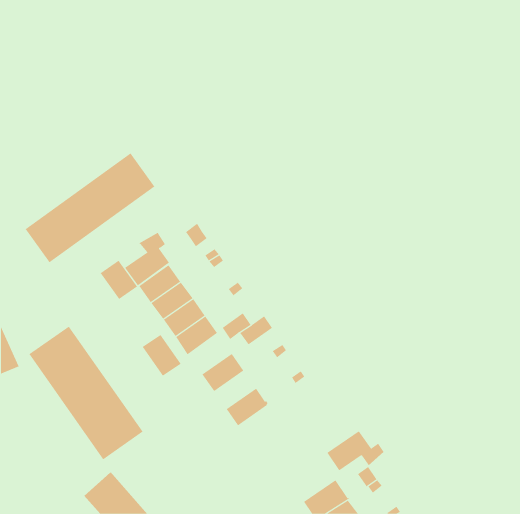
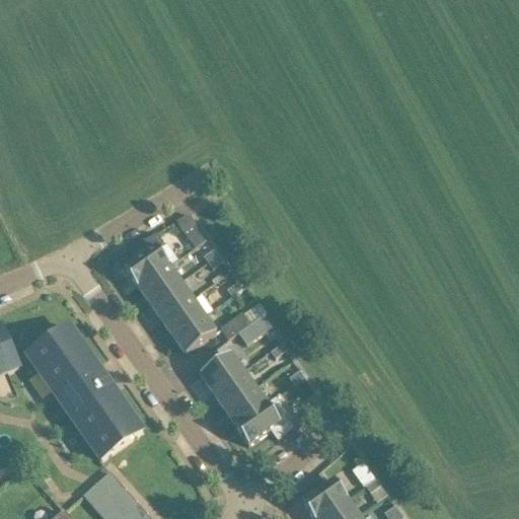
building: [25,153,155,263] -> none
building: [100,260,138,300] -> none
building: [142,334,182,377] -> none
building: none -> [213,369,255,407]
building: [327,431,385,471] -> [236,403,294,444]

